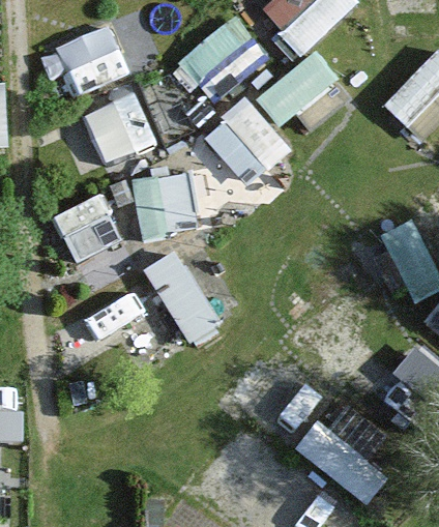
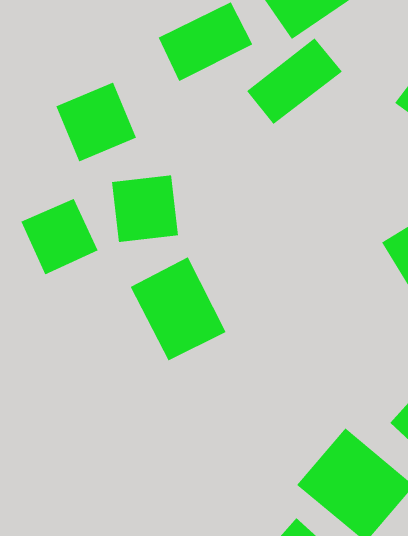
building: [45,26,127,99] -> none
building: [200,97,290,187] -> none

